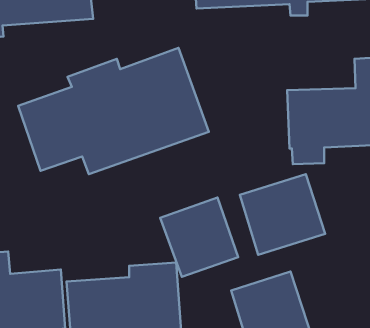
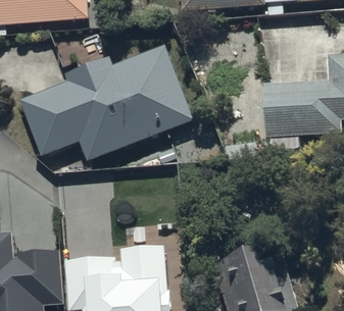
building: [240,174,325,255] -> none
building: [160,197,238,277] -> none

